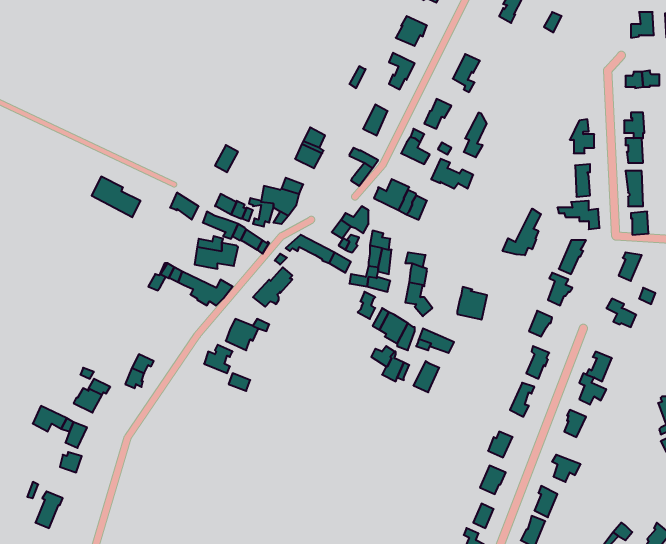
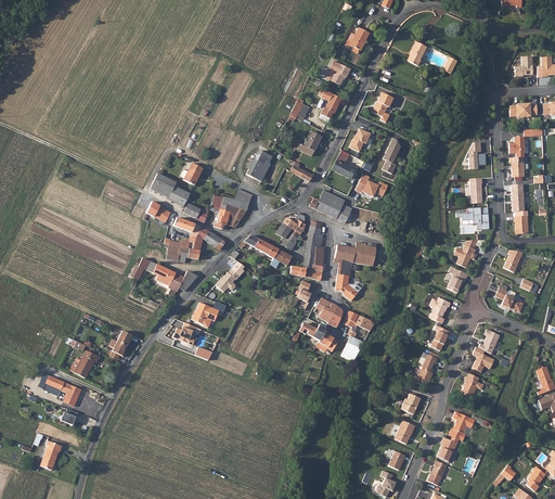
building: [92,177,141,217] -> [150,174,189,206]
building: [503,209,541,255] -> none
building: [457,287,487,320] -> [352,243,376,269]

